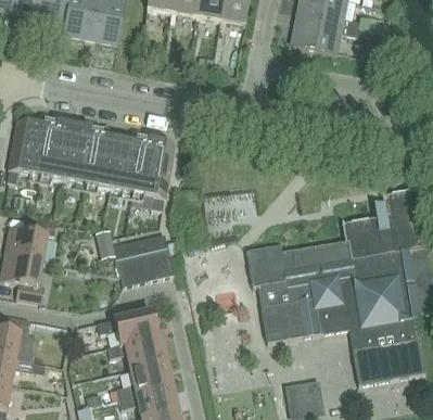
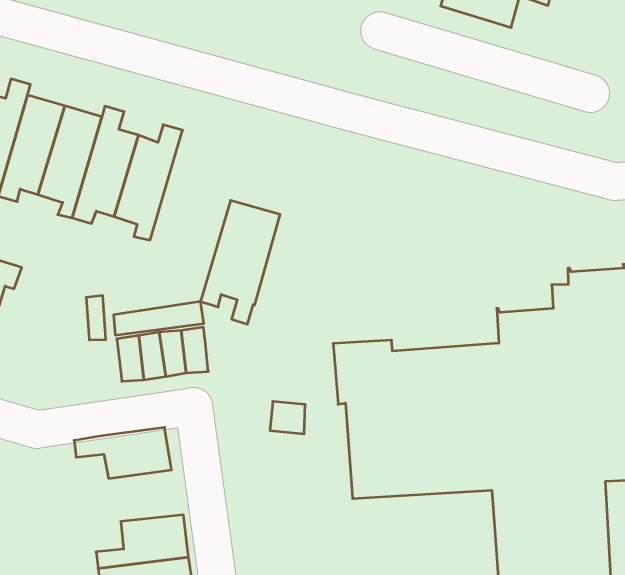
building: [130,137,173,209] -> [201,200,280,324]
building: [106,334,166,368] -> none

